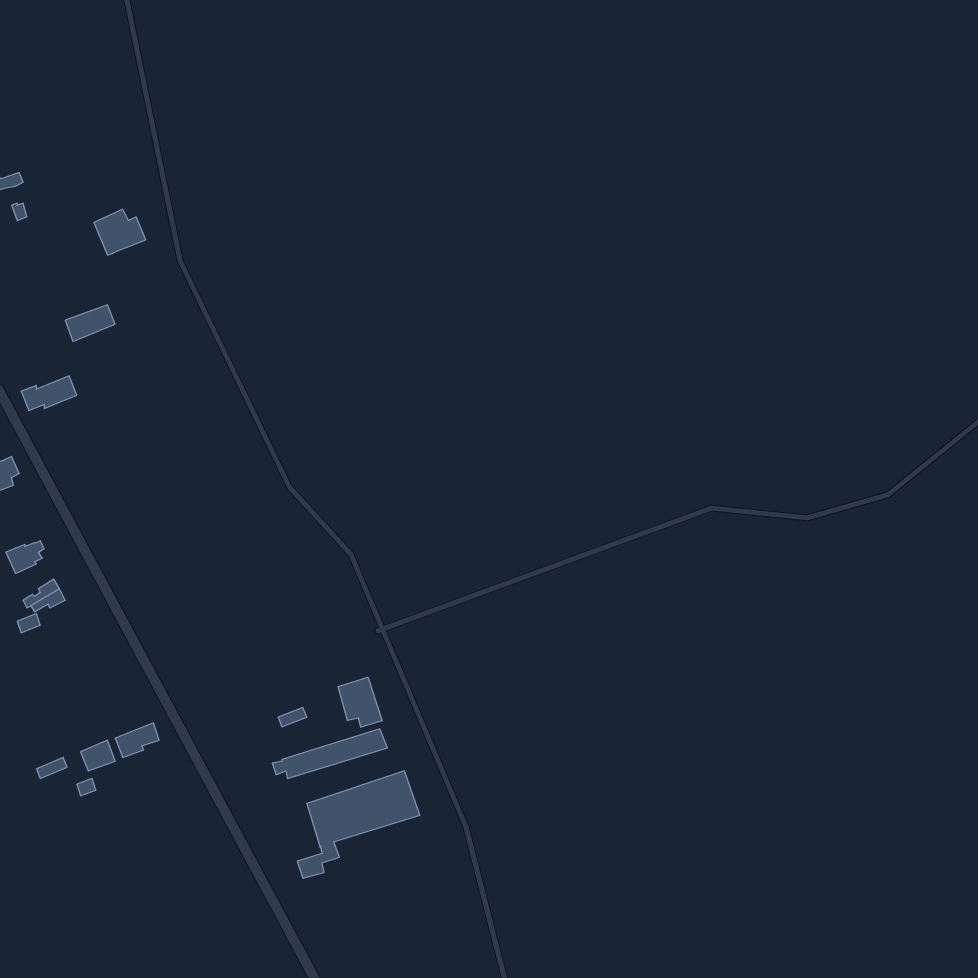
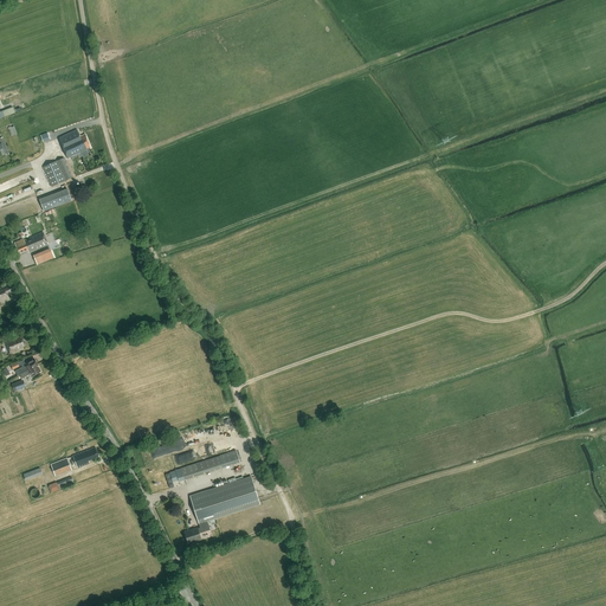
building: none -> [41,157,72,186]
building: [338,677,382,727] -> none

